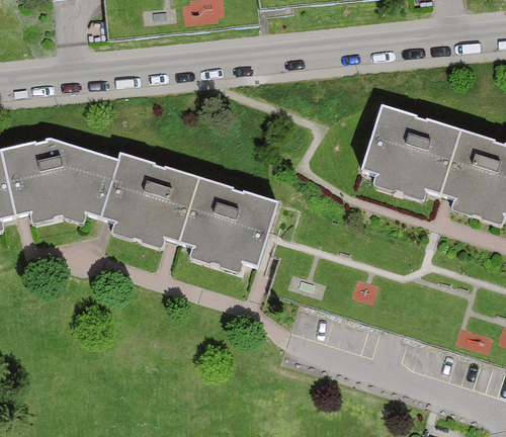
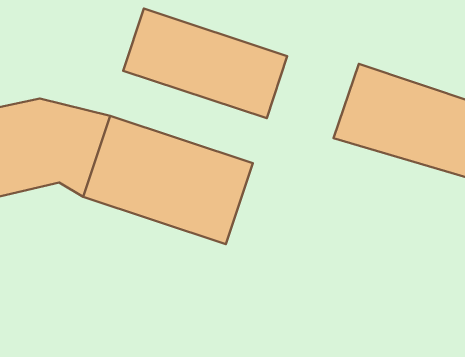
building: none -> [123,9,287,118]

